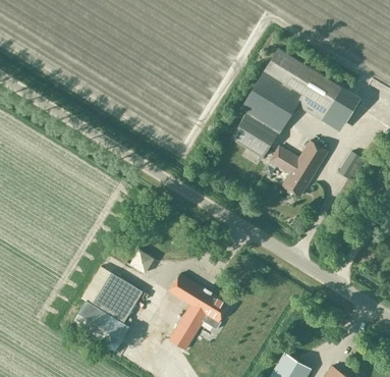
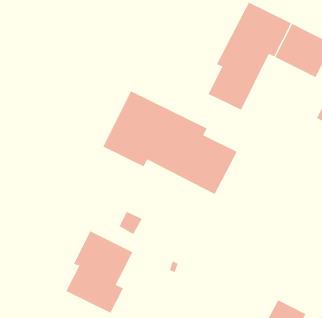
building: none -> [102,91,237,195]
building: [269,141,327,197] -> none
building: [169,274,229,349] -> none

